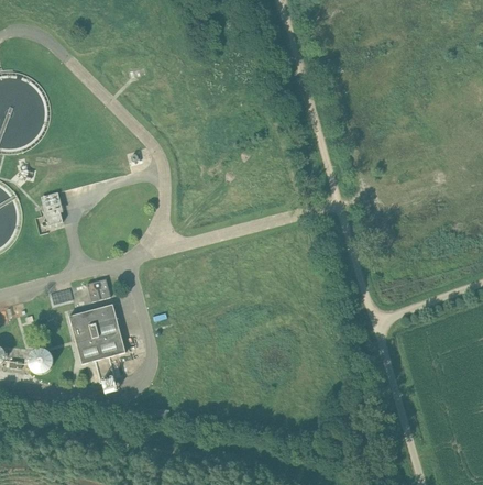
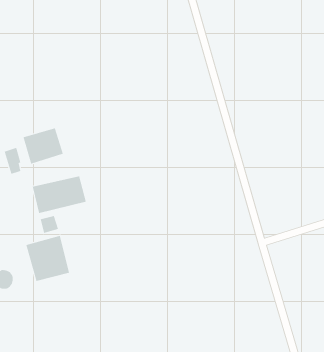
building: none -> [23,127,64,164]
building: none -> [32,175,86,214]

